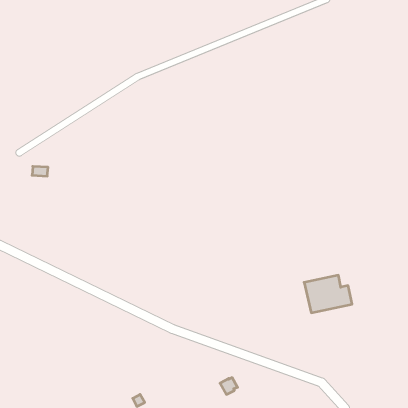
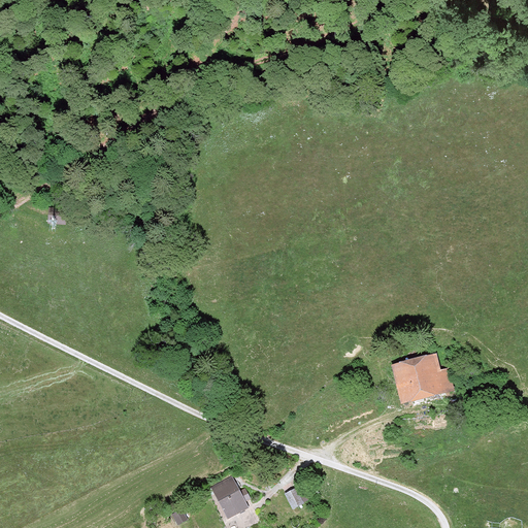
building: none -> [210,476,250,518]

